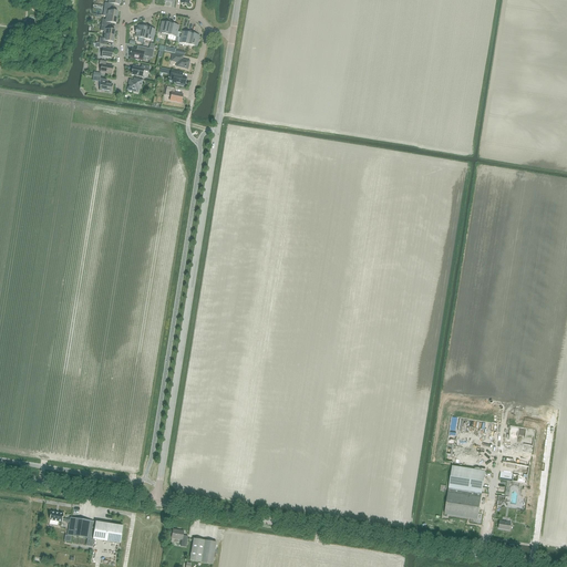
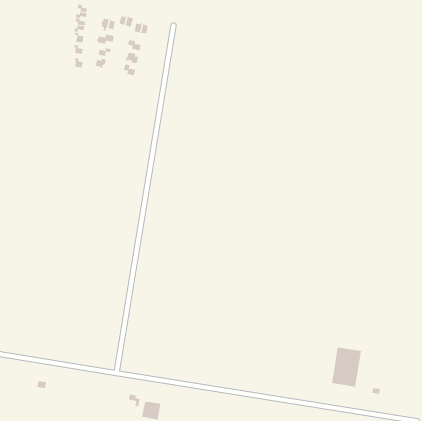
building: [68,516,123,543] -> none

